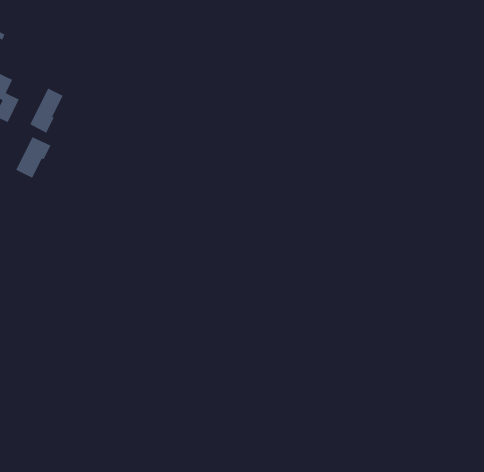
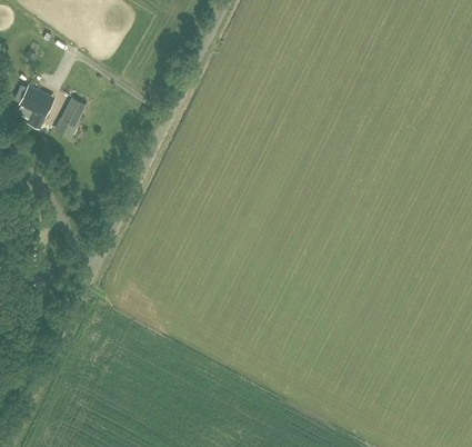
building: [15,136,51,179] -> none

